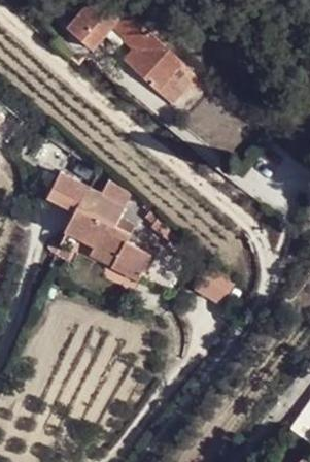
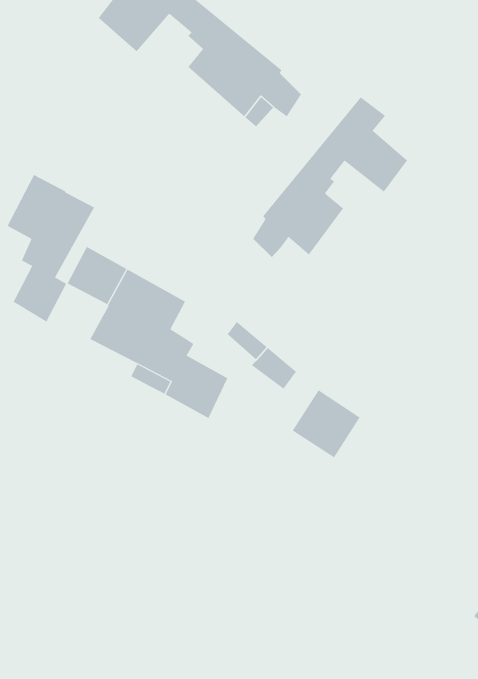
building: none -> [252,97,408,258]
building: none -> [7,174,95,322]

